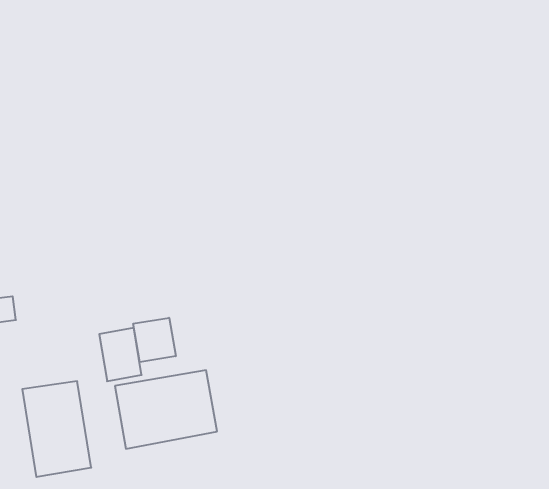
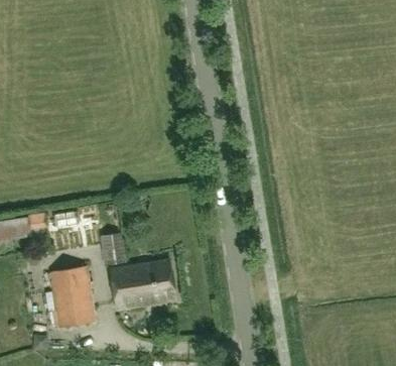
building: [133,318,176,362] -> none

